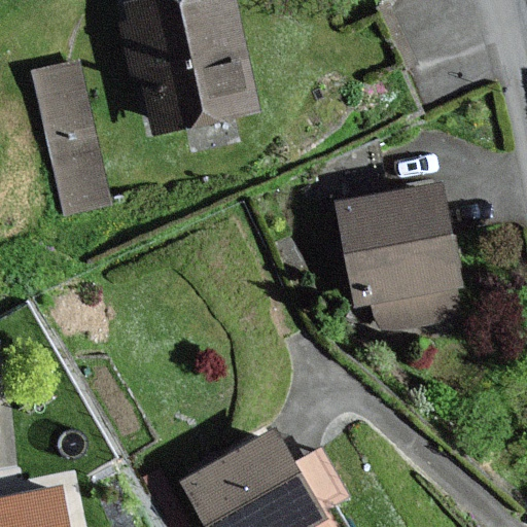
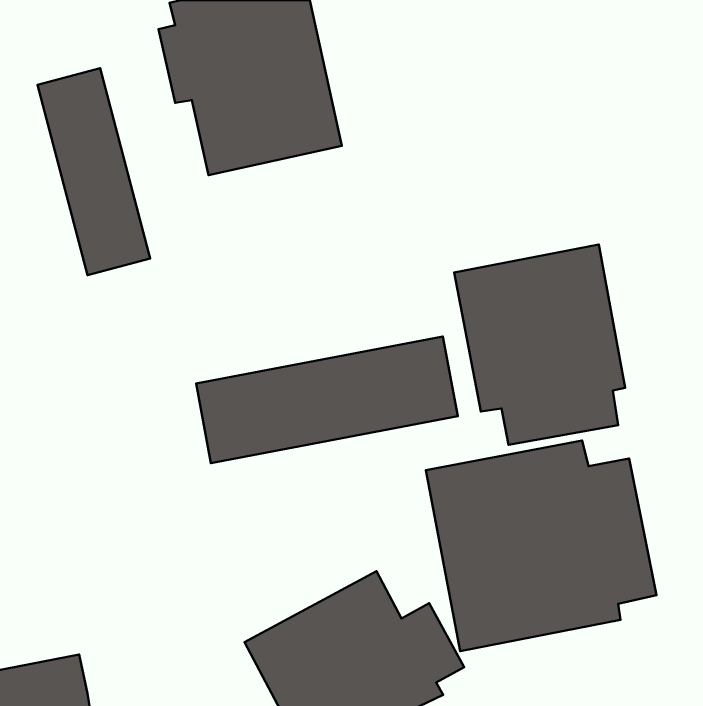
building: none -> [196,336,458,463]
building: none -> [426,440,657,651]

